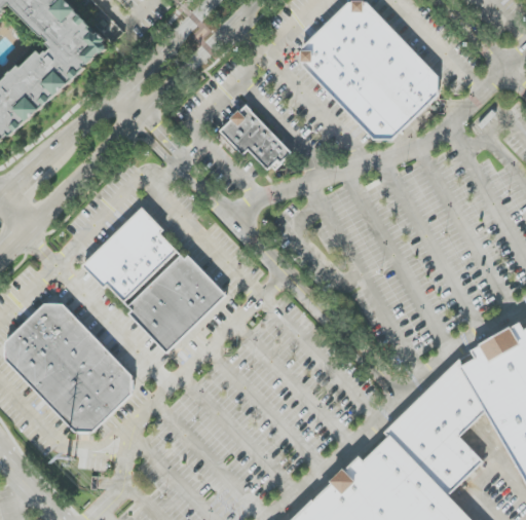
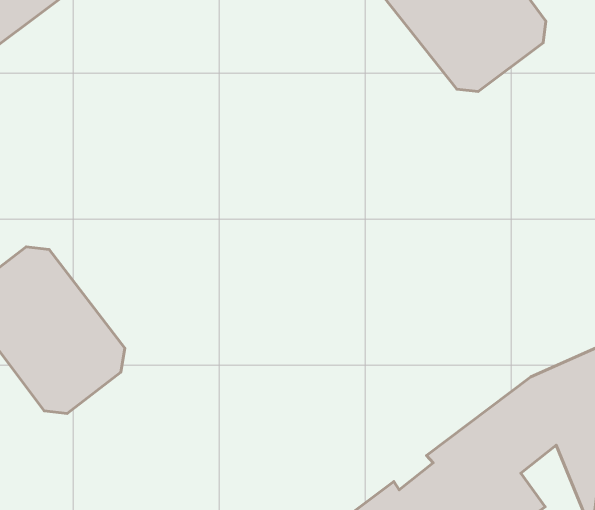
building: [219,104,291,171] -> none
building: [81,207,227,352] -> none

